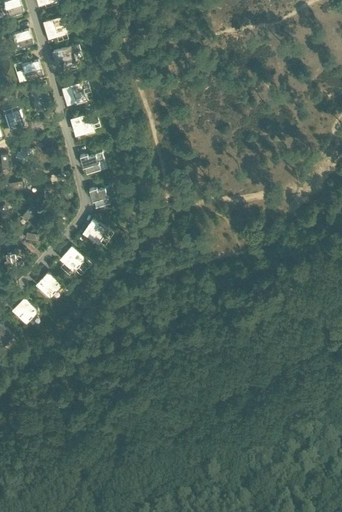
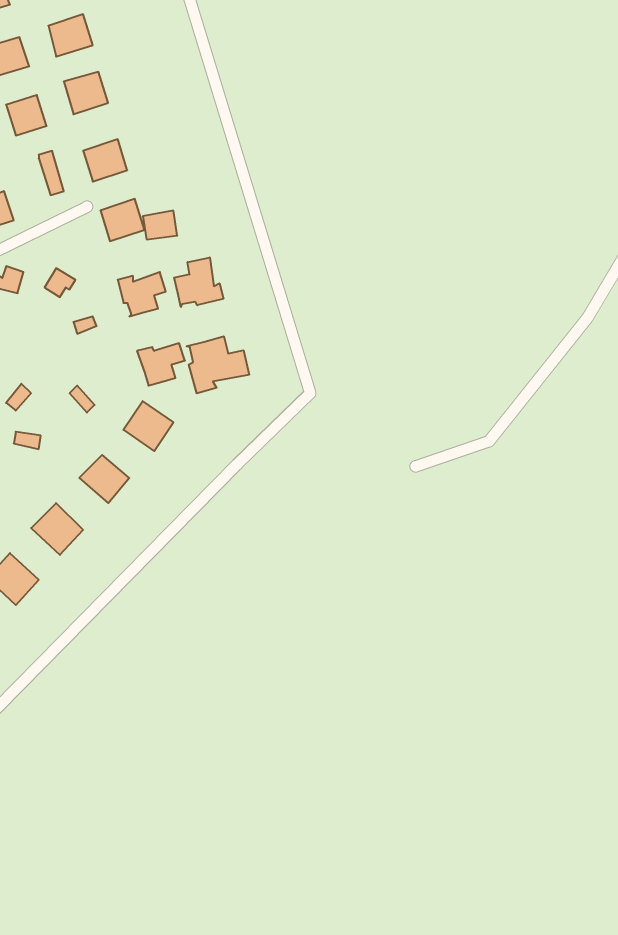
building: none -> [174,257,223,307]
building: none -> [187,336,249,393]

